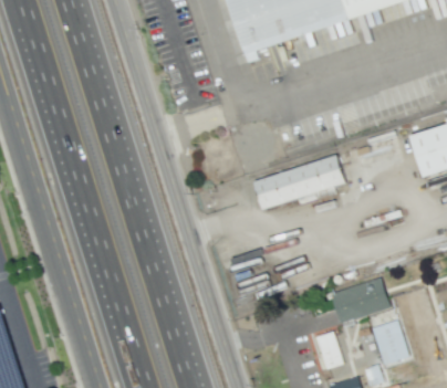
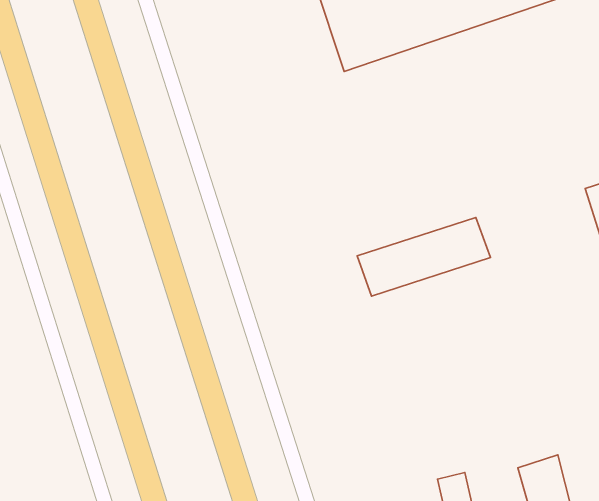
building: [329,275,388,322] -> none

